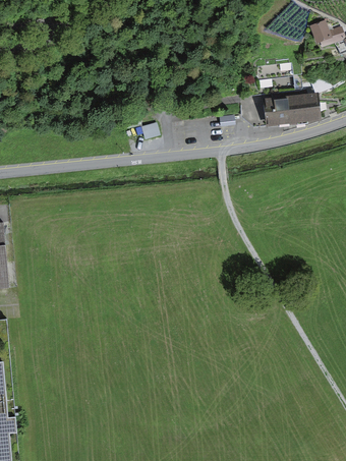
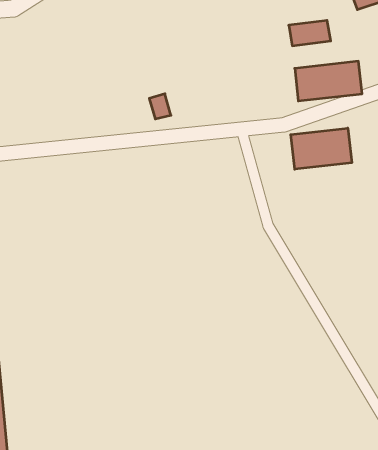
building: none -> [291,128,352,169]

